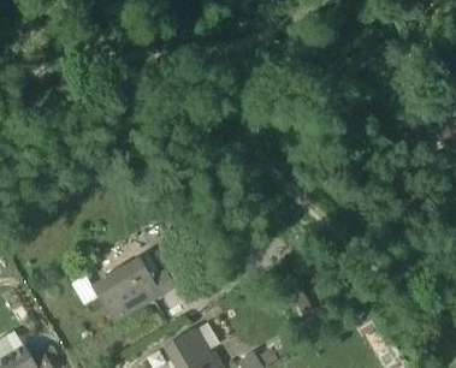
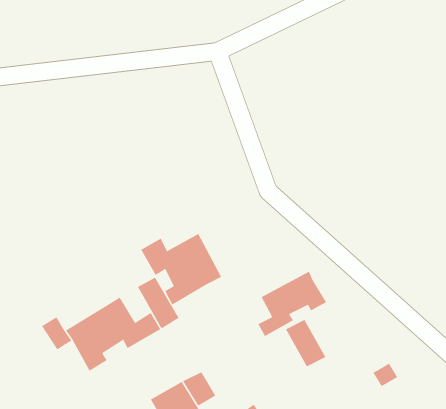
building: none -> [140,233,222,306]
building: none -> [258,271,327,337]

